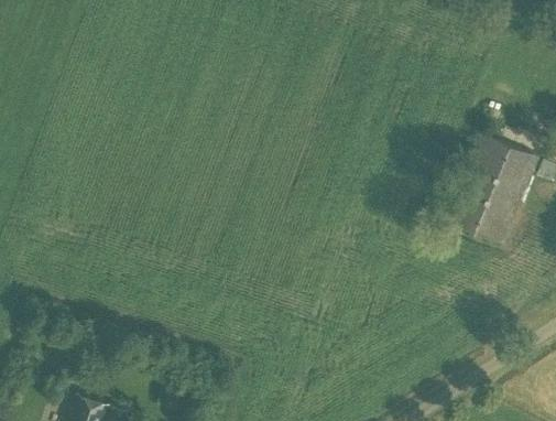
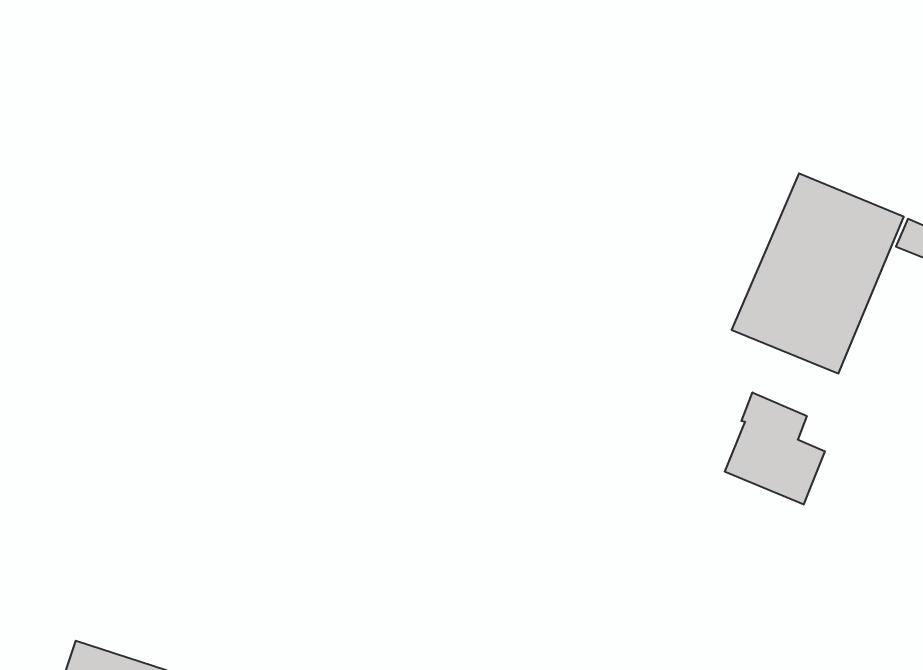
building: none -> [725,392,825,505]

